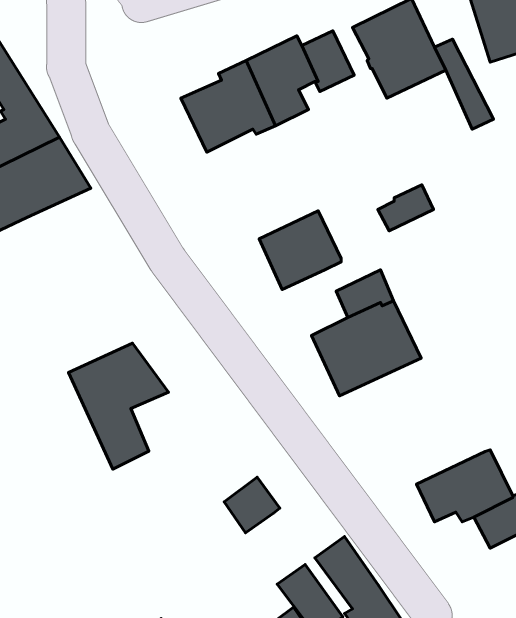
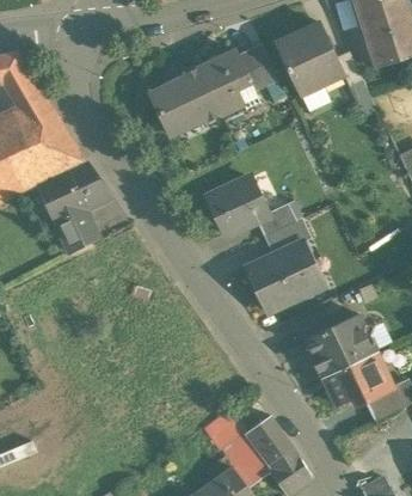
building: [378,185,433,231] -> [254,202,295,235]
building: [69,343,169,469] -> [37,160,110,252]
building: none -> [303,313,371,376]
building: [224,477,280,533] -> [204,409,245,449]

